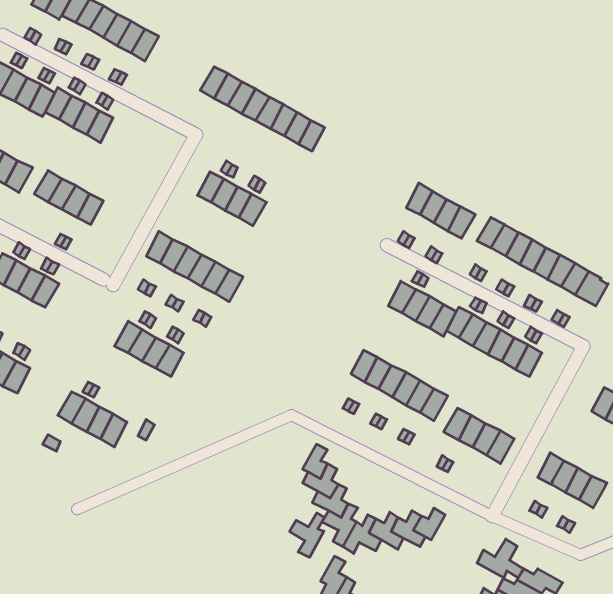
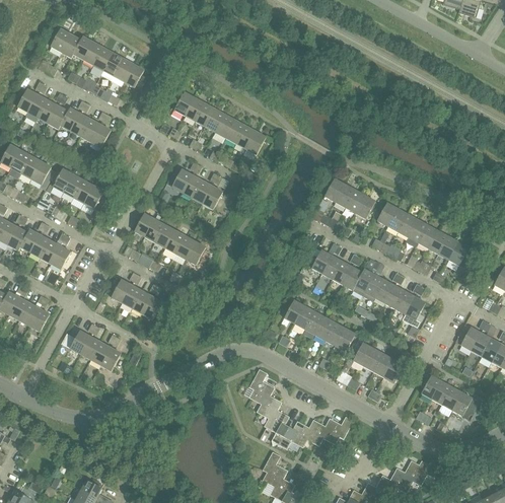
building: [290,513,324,557] -> none
building: [477,539,524,578] -> none

